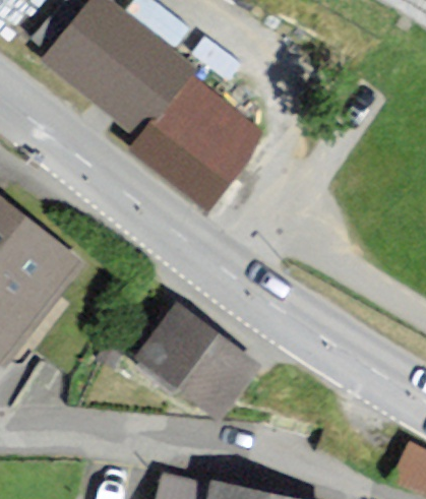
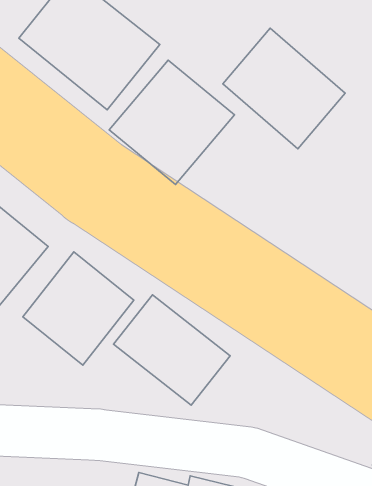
building: none -> [223,28,345,149]
building: none -> [23,252,134,365]

